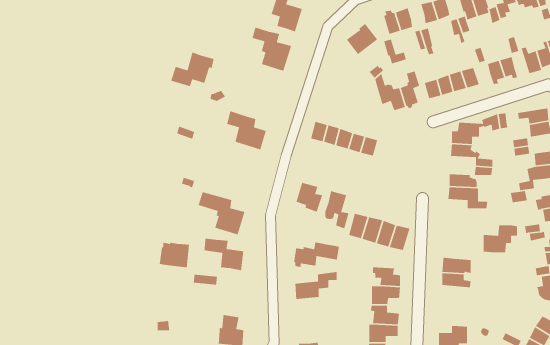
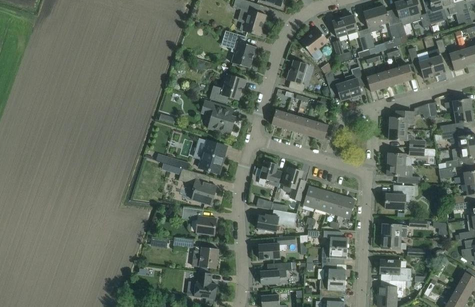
building: [170,51,215,87] -> [209,73,246,103]
building: none -> [286,60,307,92]
building: none -> [198,140,226,173]
building: [483,225,518,253] -> [385,185,414,209]
building: [159,242,190,268] -> [192,246,218,268]
building: none -> [379,259,411,281]
building: none -> [260,262,291,284]

